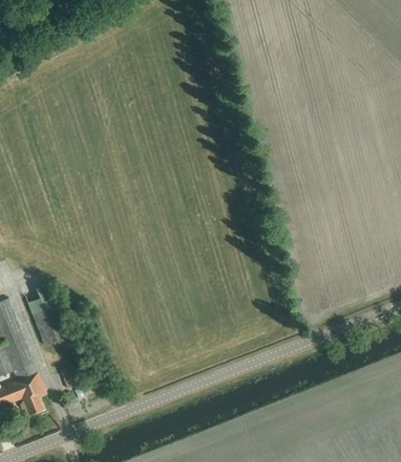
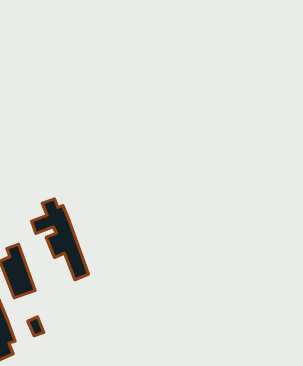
building: none -> [31,199,89,280]

